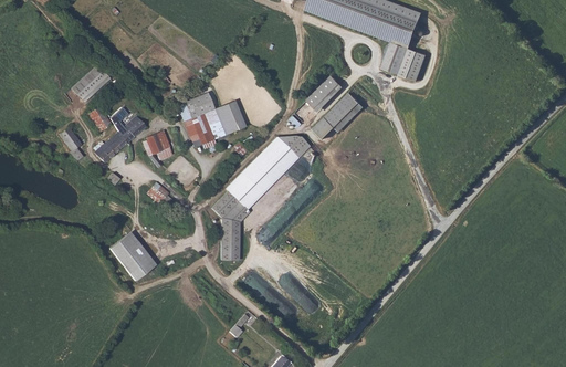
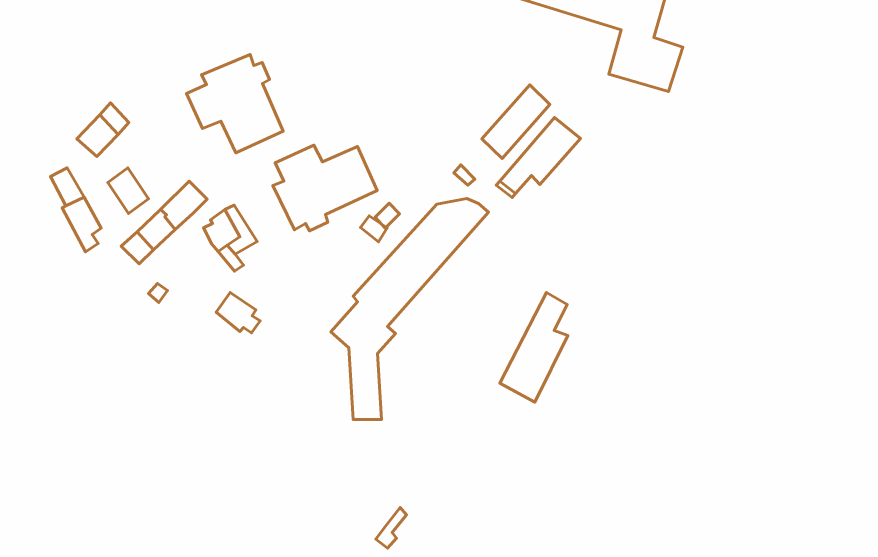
building: none -> [186,54,283,153]
building: none -> [500,293,568,402]
building: [112,232,155,279] -> none

